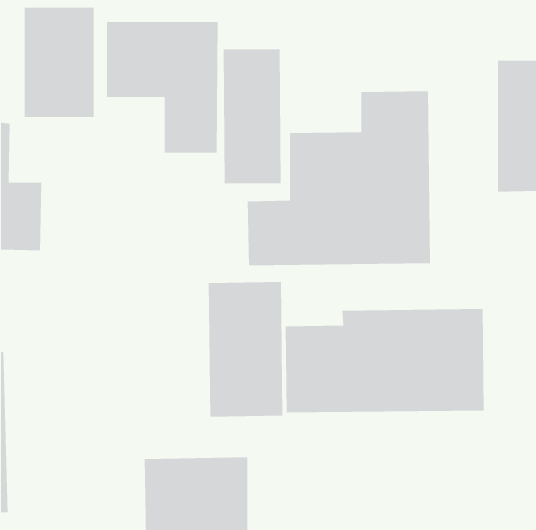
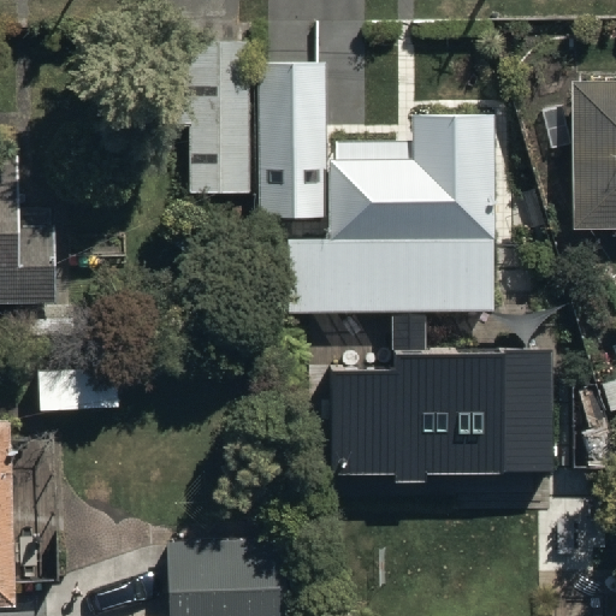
building: [24,7,95,118] -> none
building: [208,281,283,418] -> none

